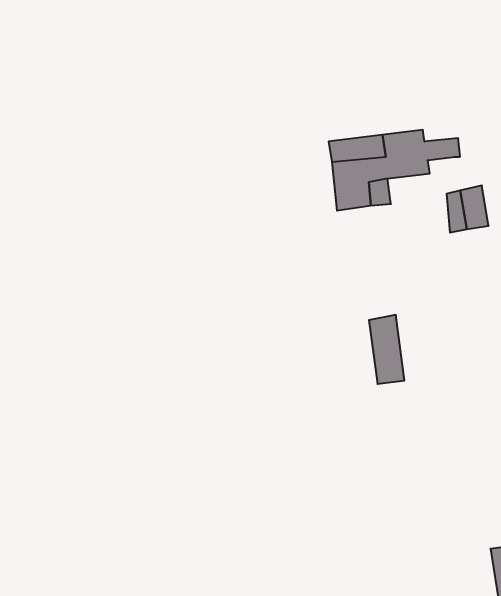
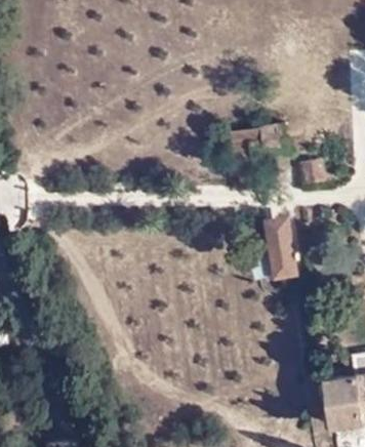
building: none -> [272,225,299,275]

